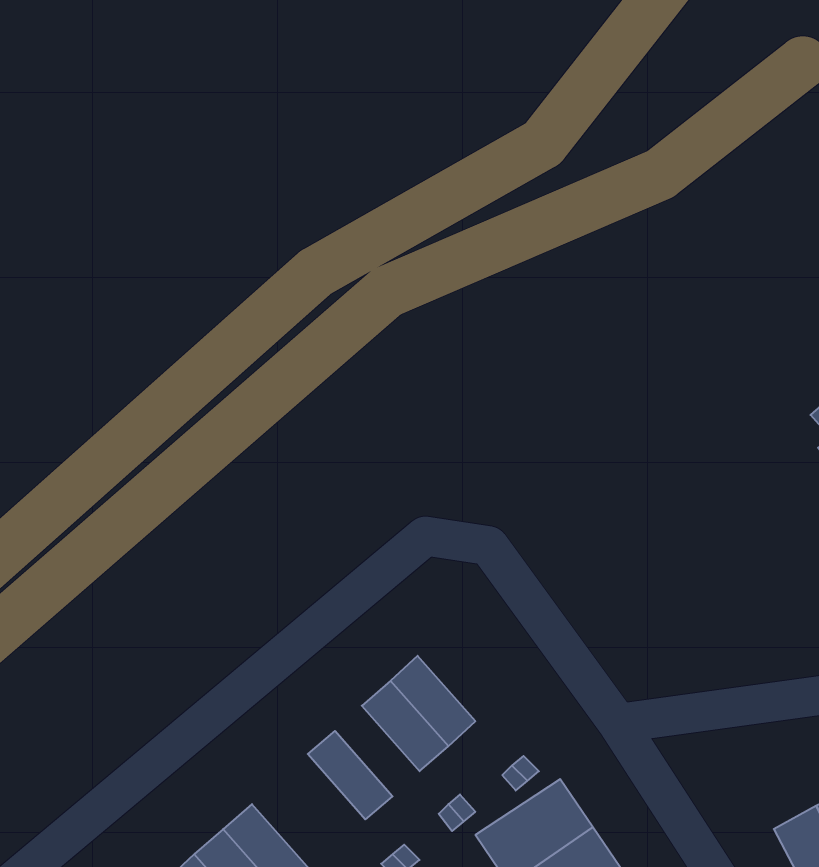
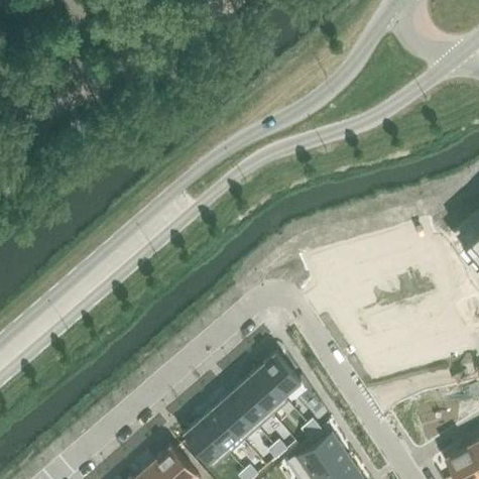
building: none -> [258,352,302,401]
building: none -> [215,393,259,441]
building: none -> [184,418,231,468]

